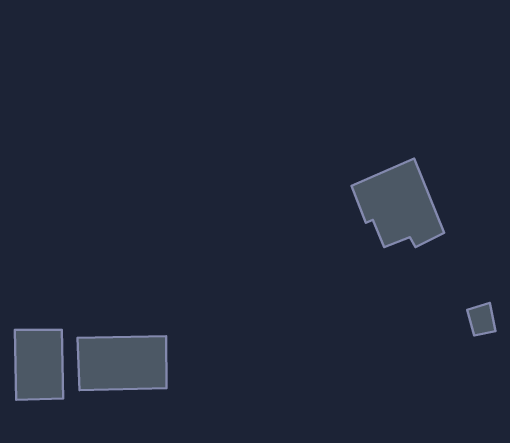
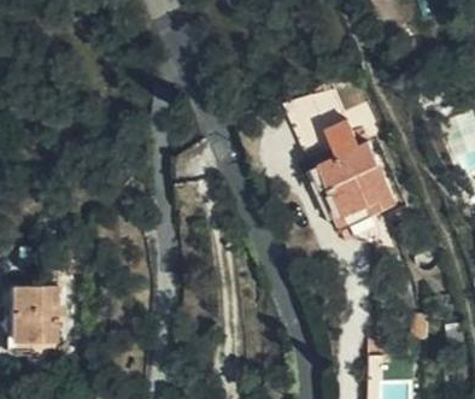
building: [77,336,167,390] -> none

